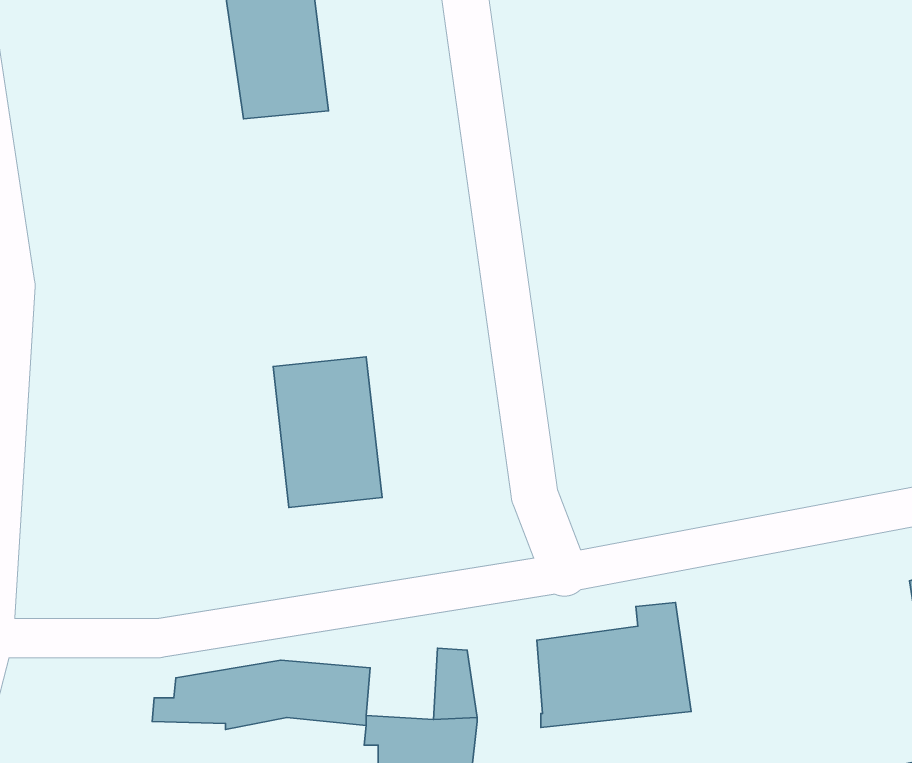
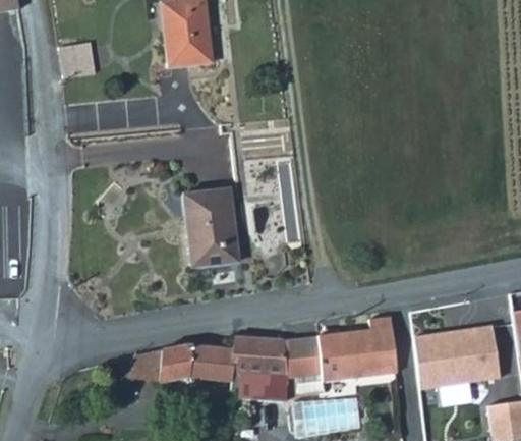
building: none -> [61,43,96,77]
building: none -> [410,323,498,388]
building: none -> [285,336,324,378]
building: none -> [233,338,270,377]

